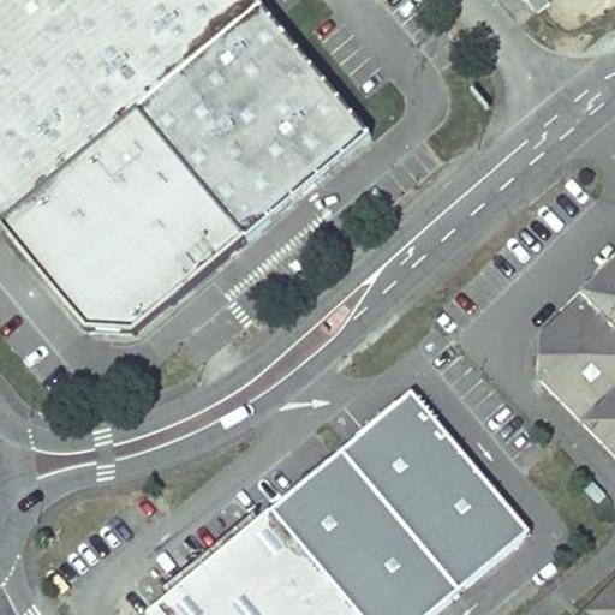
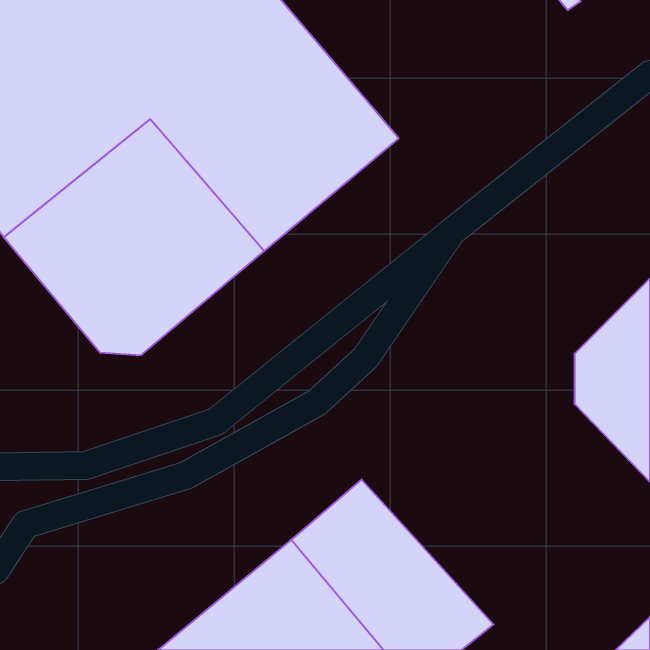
building: [339,392,526,585] -> none

